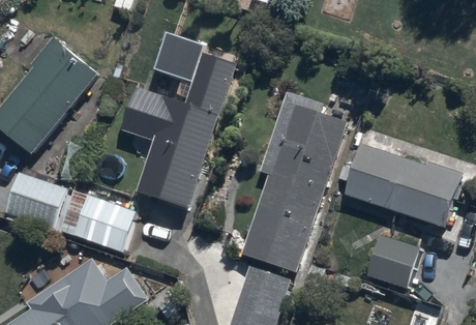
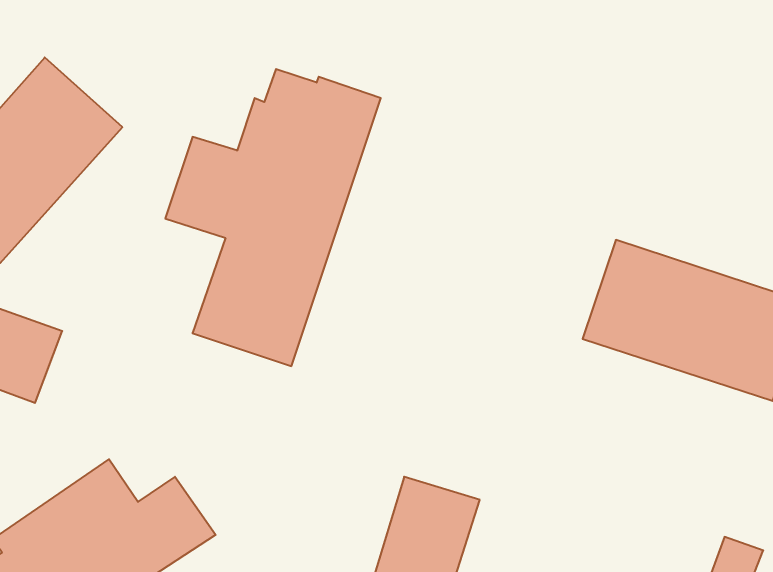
building: [243,93,345,271] -> none
building: [56,190,135,253] -> none
building: [366,236,418,288] -> none

